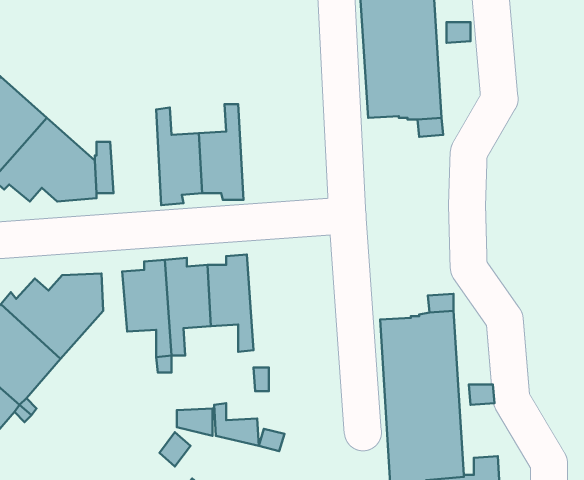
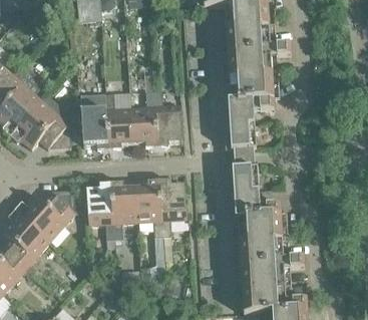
building: none -> [152,89,180,146]
building: none -> [80,93,107,150]
building: none -> [227,97,255,148]
building: none -> [231,166,259,217]
building: none -> [157,178,186,235]

